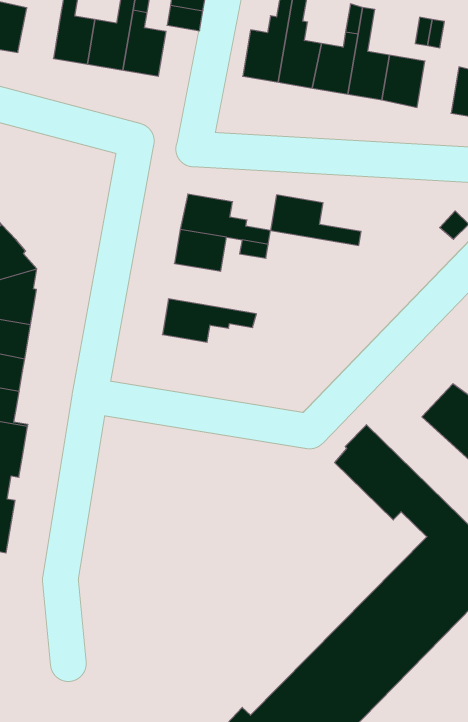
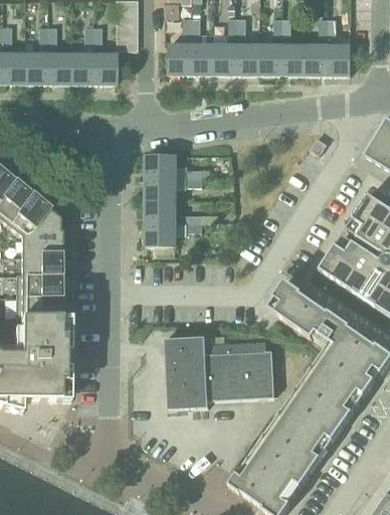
building: none -> [24,52,47,81]
building: none -> [282,43,305,73]
building: [271,195,361,245] -> [146,198,203,221]
building: none -> [166,336,275,408]

